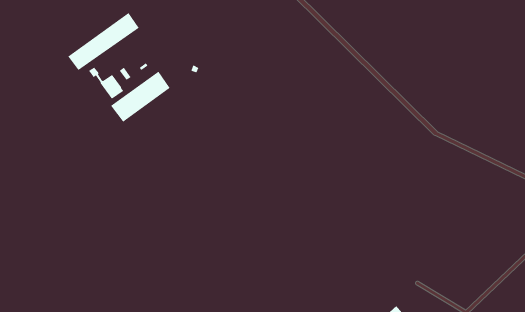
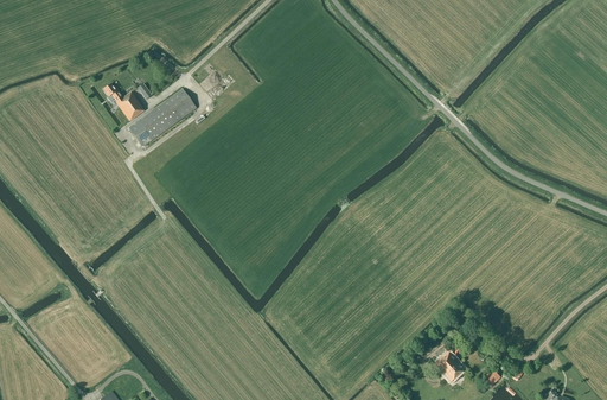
building: [67,12,139,71] -> none

